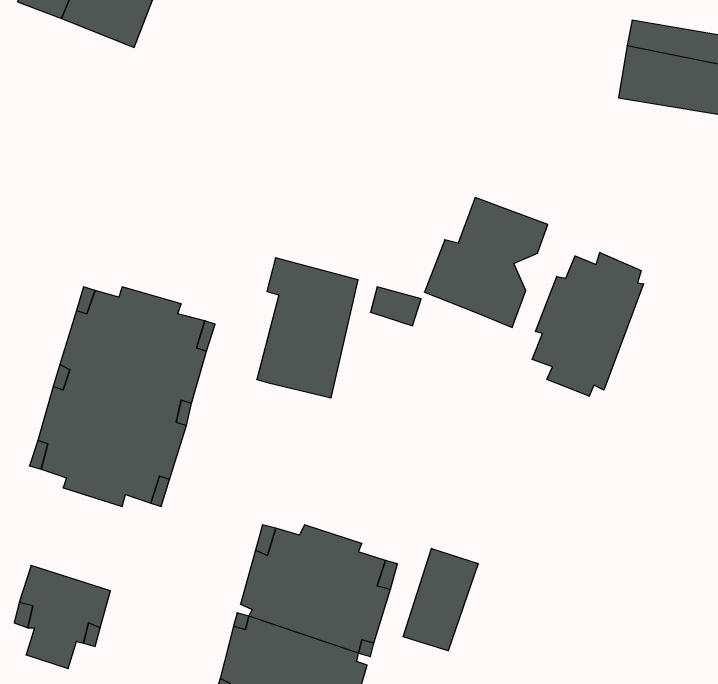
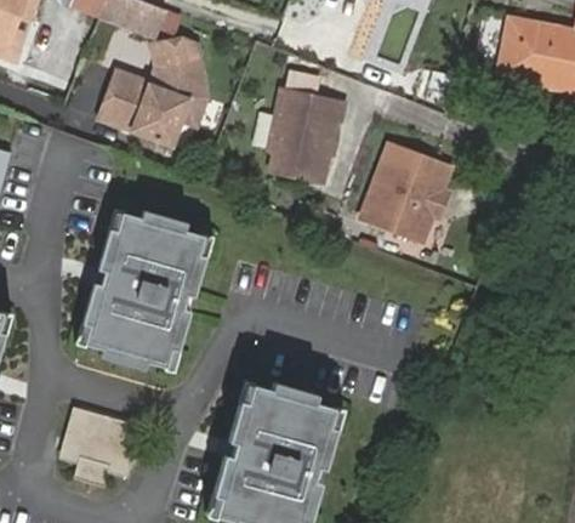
building: none -> [102,36,209,144]
building: [532,252,644,396] -> none
building: [257,258,358,398] -> [269,86,342,187]
building: [403,548,478,651] -> none

